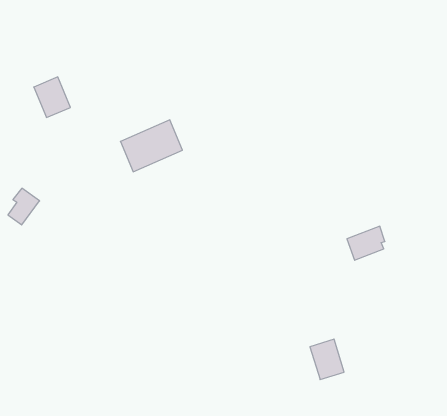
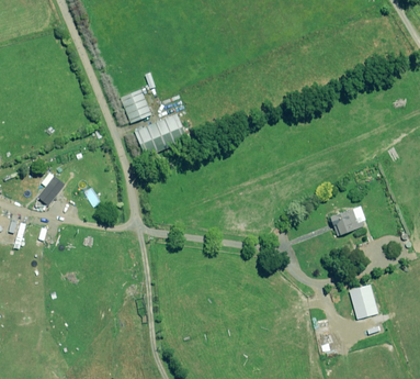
building: [34,77,70,117] -> [120,88,151,123]
building: [310,339,344,380] -> [349,283,378,319]

